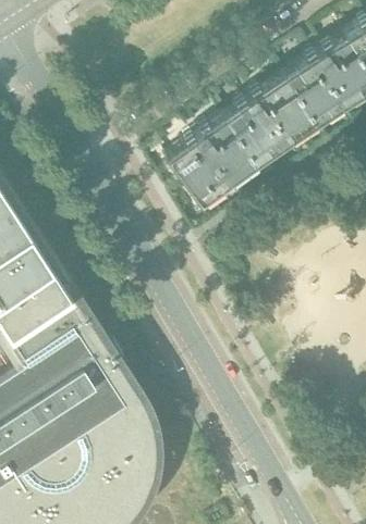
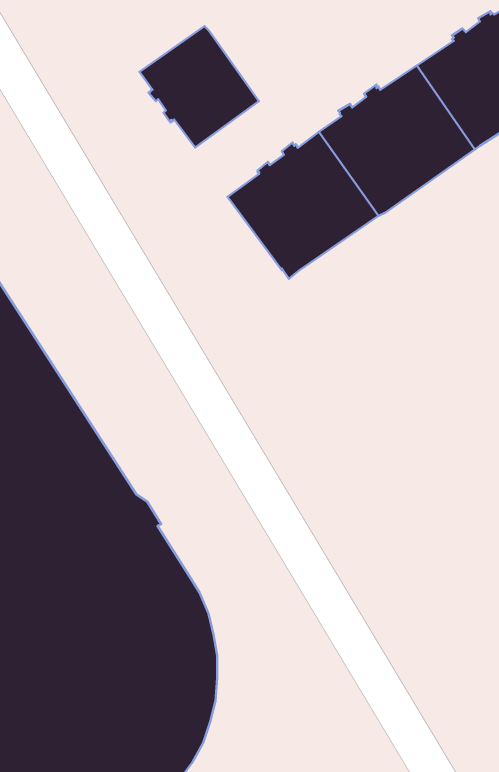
building: none -> [140,26,259,148]

